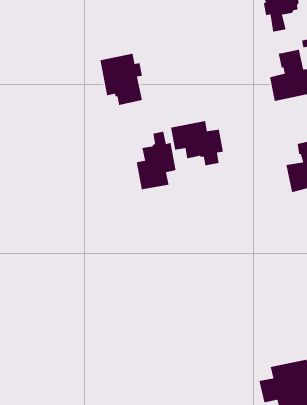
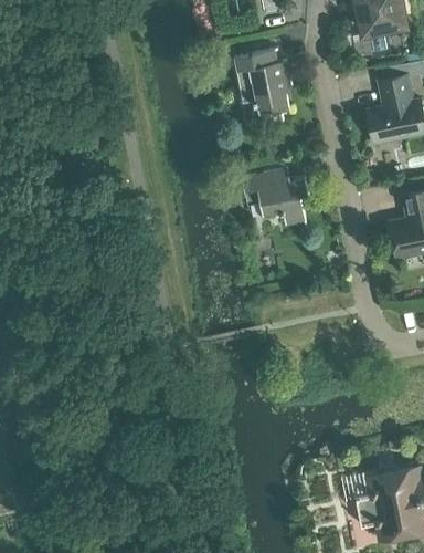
building: [99,53,143,106] -> [234,48,289,115]
building: [136,131,176,190] -> none

